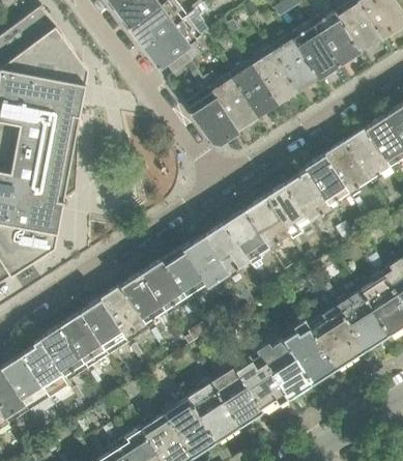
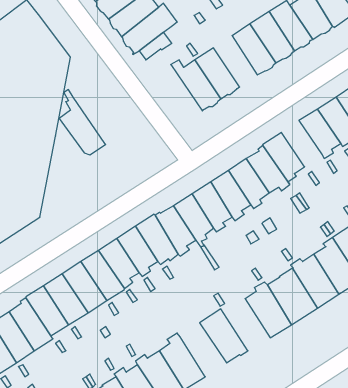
building: [249,47,297,104] -> none
building: [185,70,237,143] -> [59,90,106,155]
building: [324,141,370,197] -> none
building: [257,340,312,399] -> none
building: [211,363,263,427] -> none

